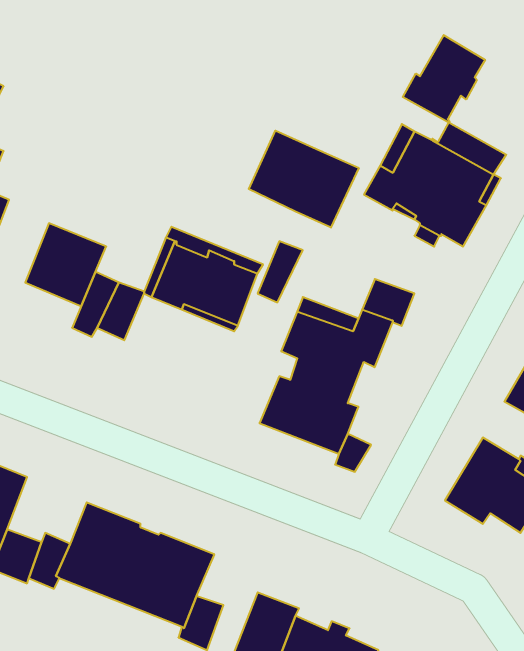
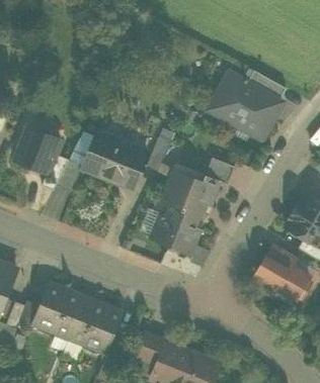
building: [403,35,485,122] -> none
building: [249,131,359,228] -> none

